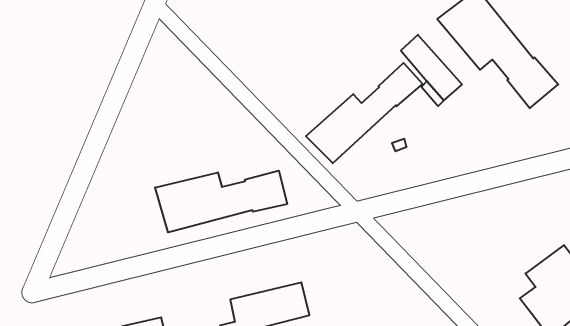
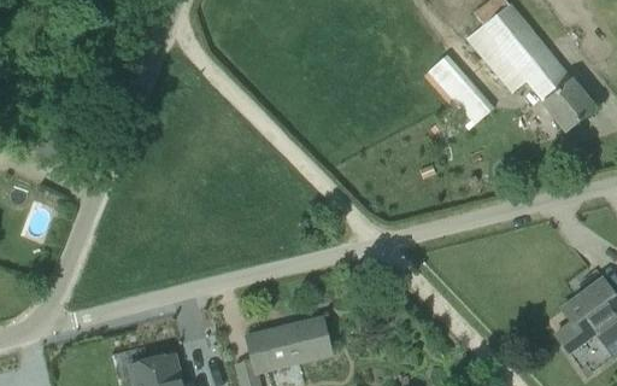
building: [306,63,422,163] -> none
building: [155,171,287,232] -> none

